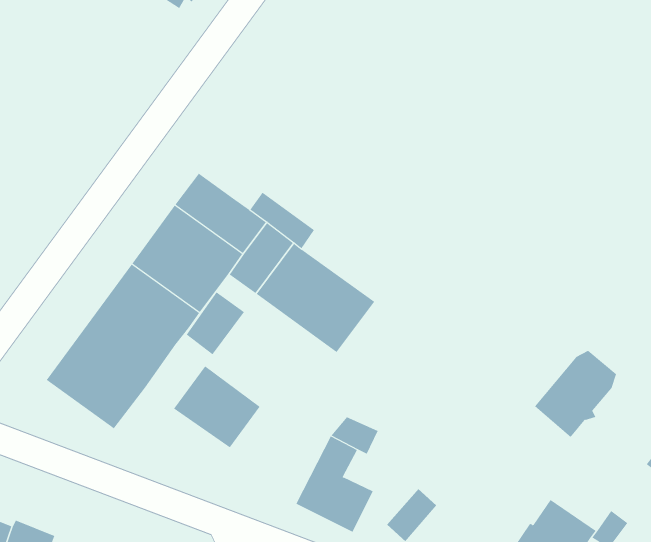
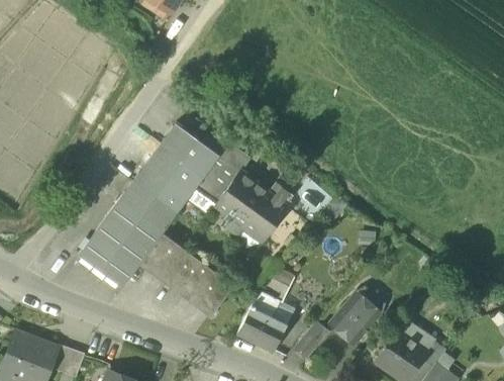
building: [186,292,245,355] -> [142,232,180,273]
building: [534,350,617,438] -> [330,289,383,345]
building: none -> [196,272,234,312]

